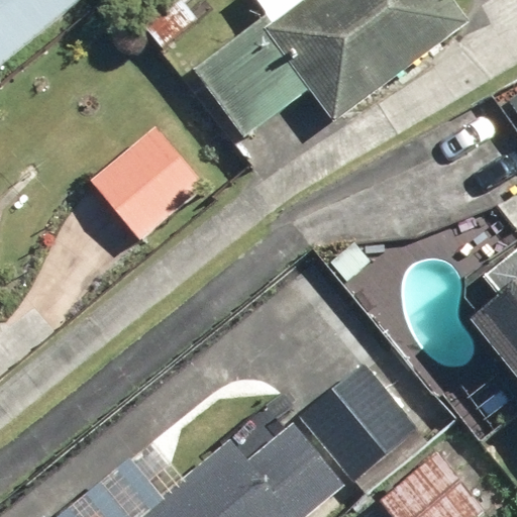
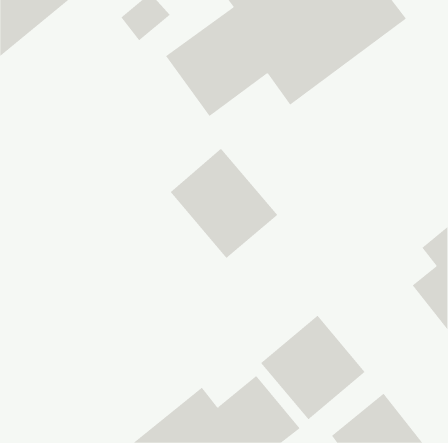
building: [87,126,202,241] -> none
building: none -> [170,148,278,259]

